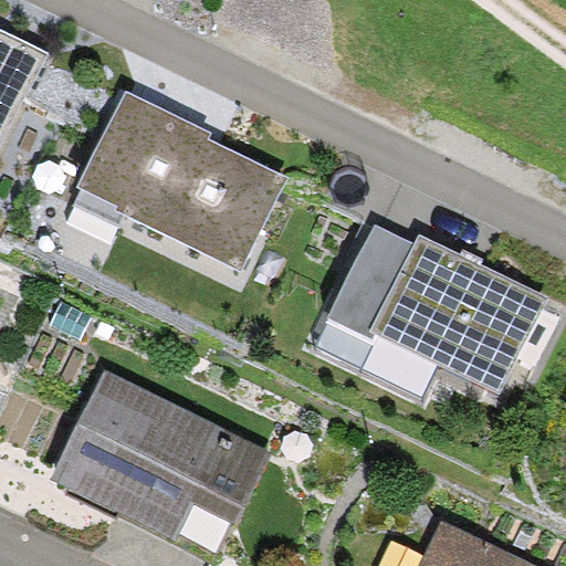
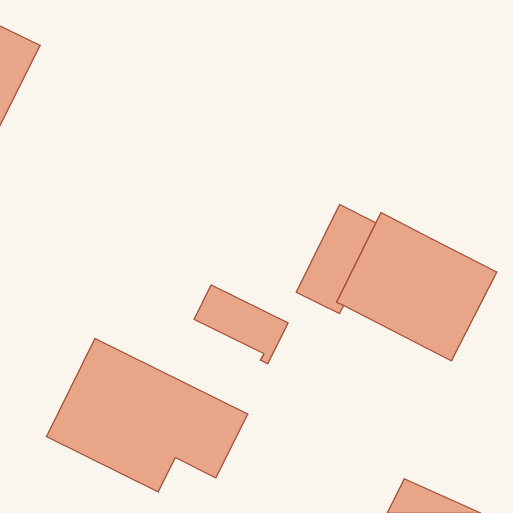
building: [76,90,284,273] -> none
building: none -> [194,285,288,364]

